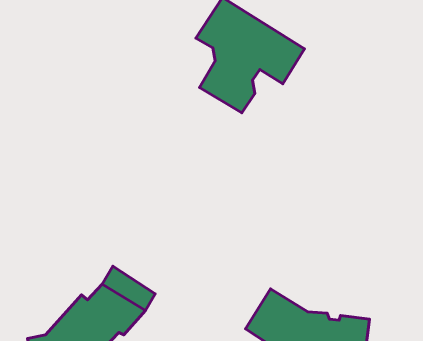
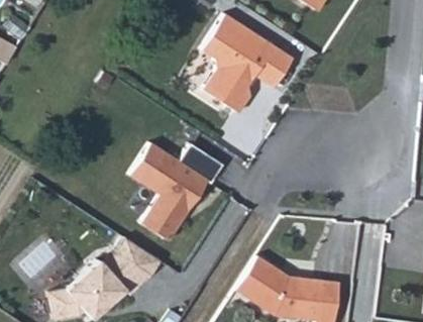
building: none -> [124,139,222,239]

